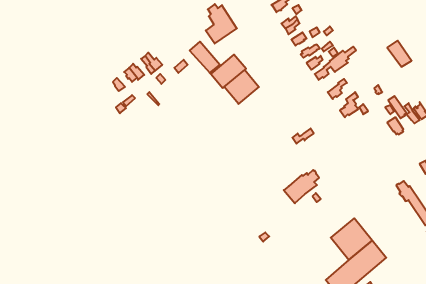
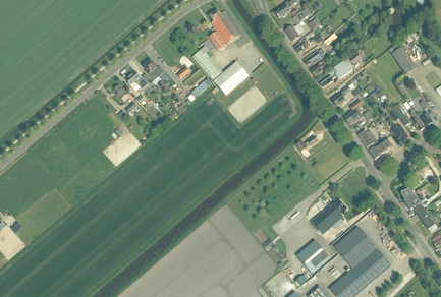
building: [224,70,259,104] -> none
building: none -> [359,130,392,159]
building: [284,170,319,203] -> [311,200,346,234]
building: none -> [297,240,331,274]

